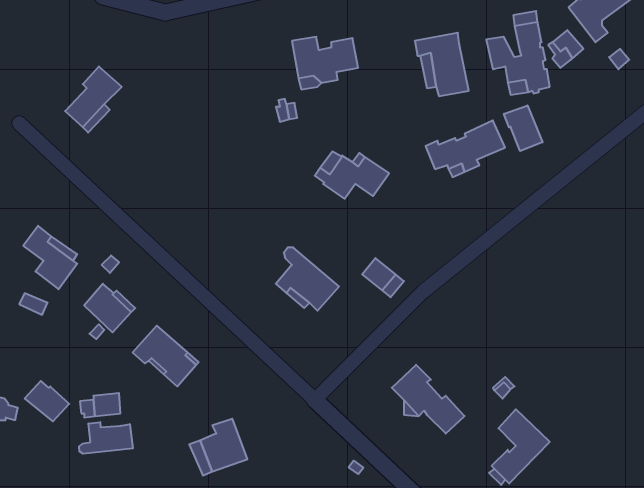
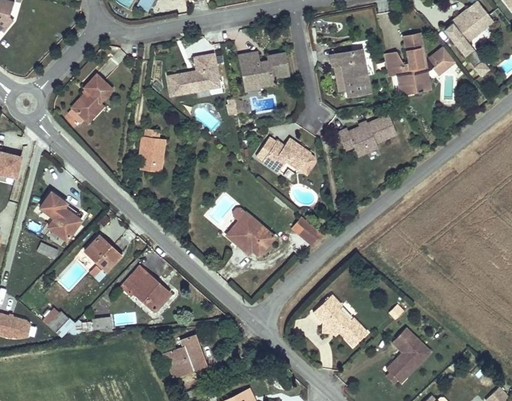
building: none -> [168,54,218,95]
building: [504,105,543,151] -> none
building: none -> [139,128,165,172]
building: [79,422,133,454] -> none

